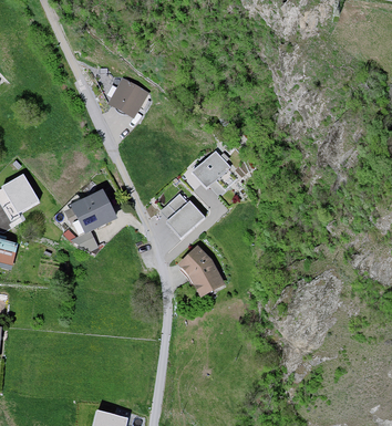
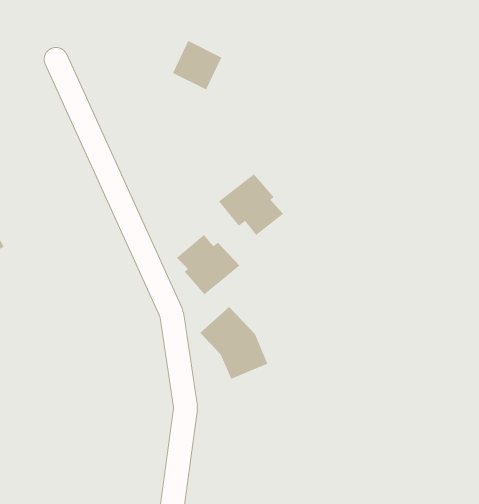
building: [107,83,143,118] -> [172,40,222,90]
building: [70,188,116,232] -> none

